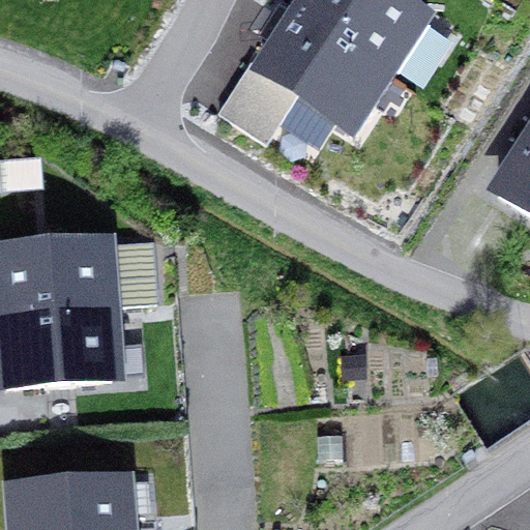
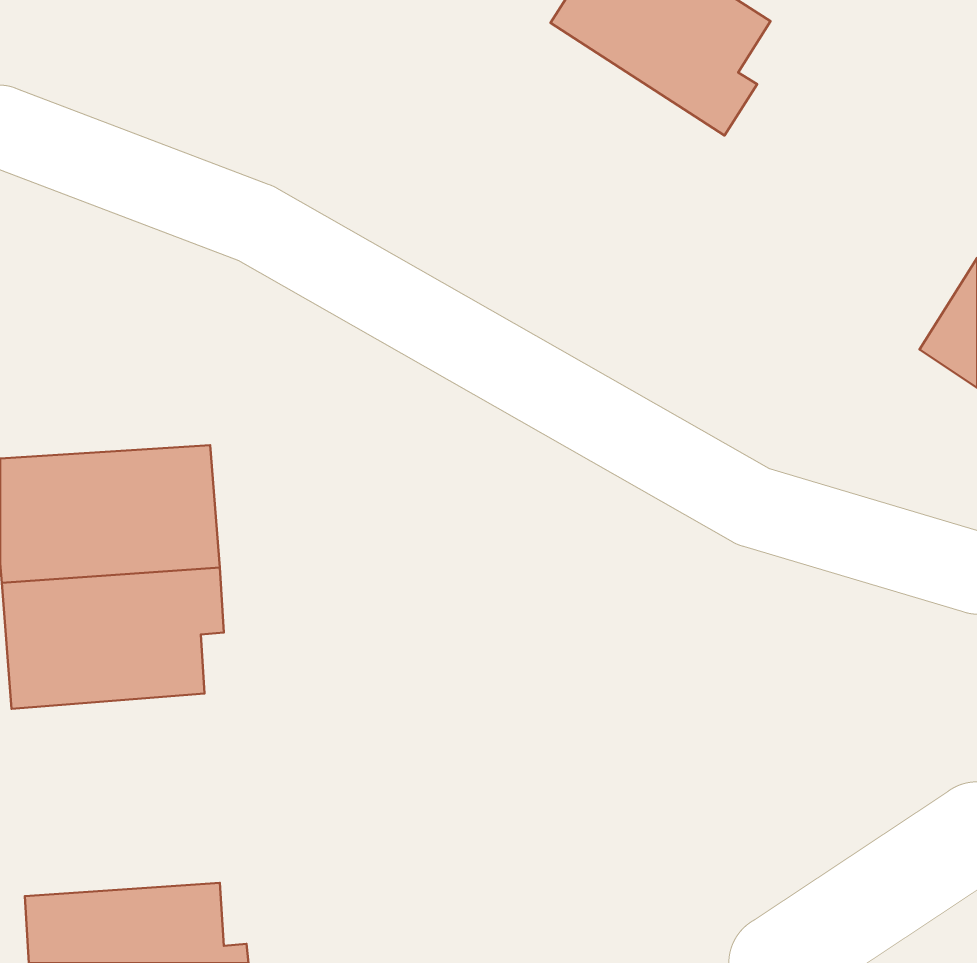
building: [218,12,392,141] -> none

